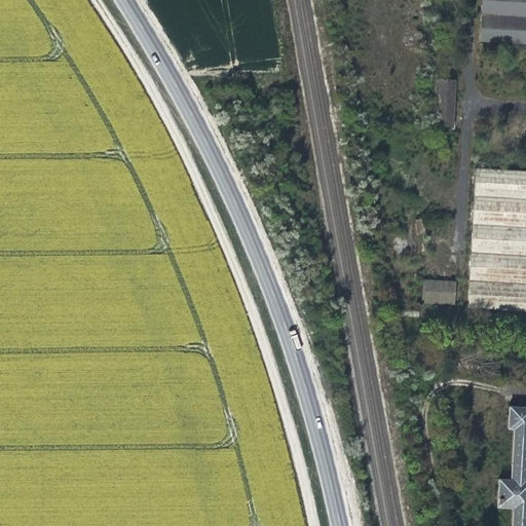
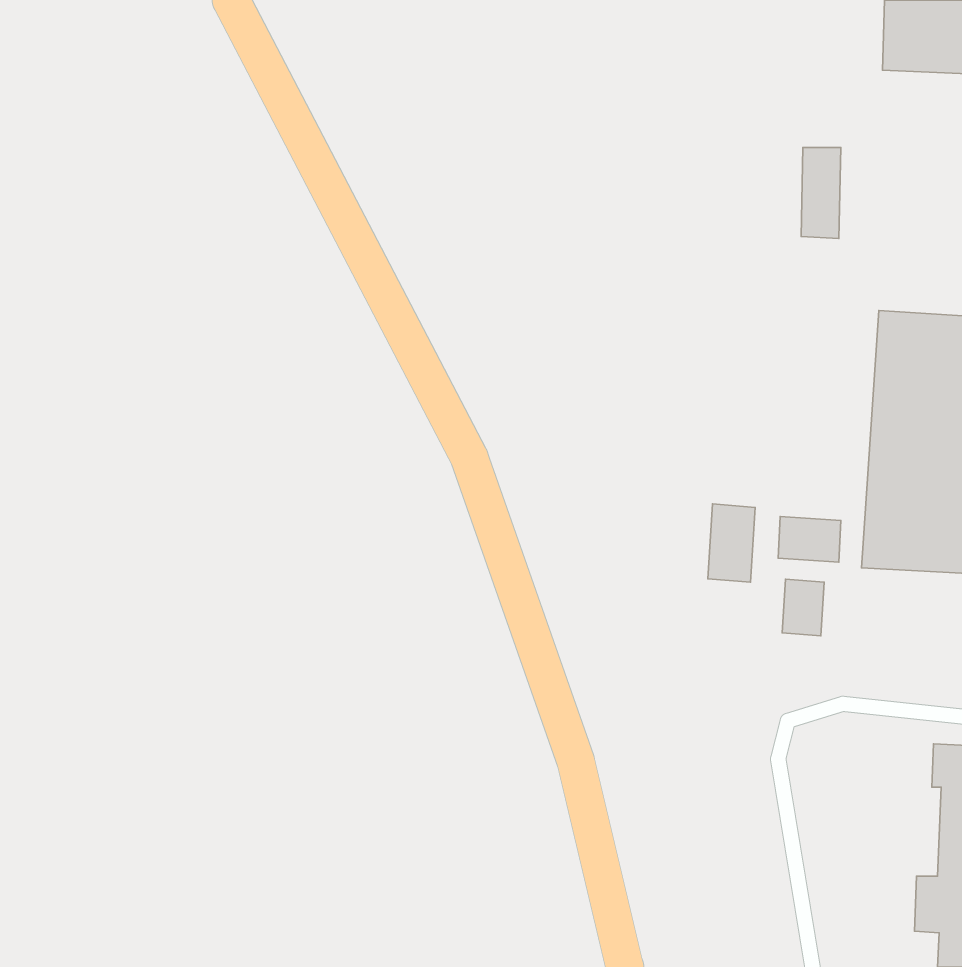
building: none -> [708,504,755,582]
building: none -> [782,579,824,636]

